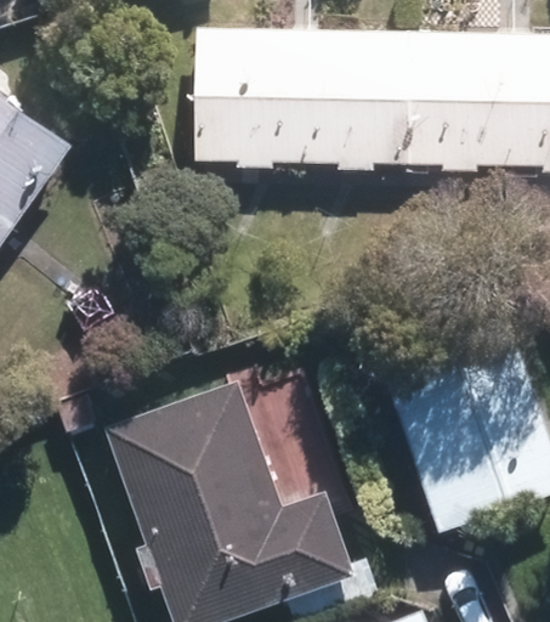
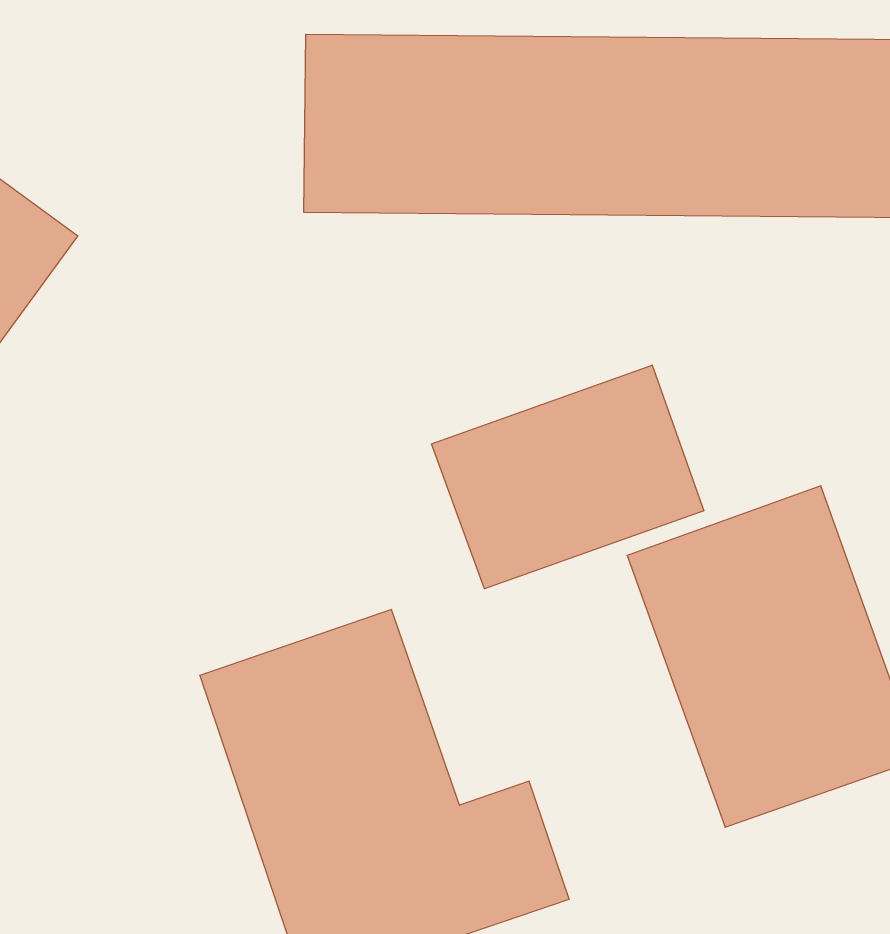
building: none -> [432,365,704,589]

